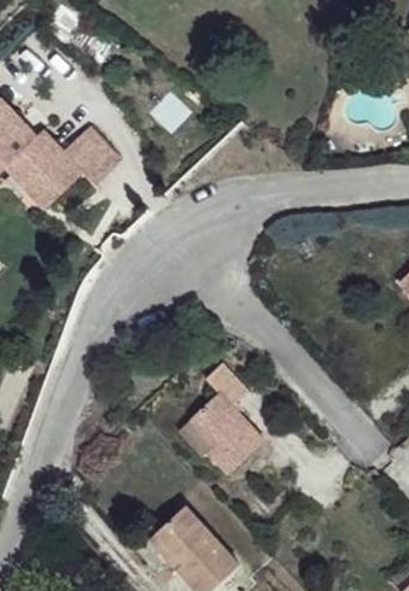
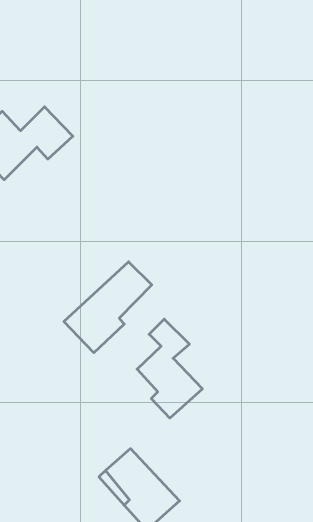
building: none -> [64,262,152,353]

